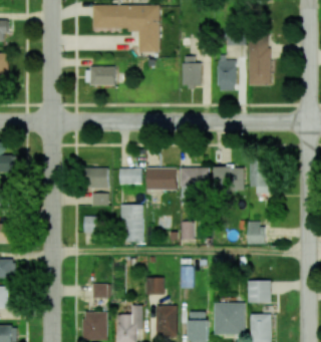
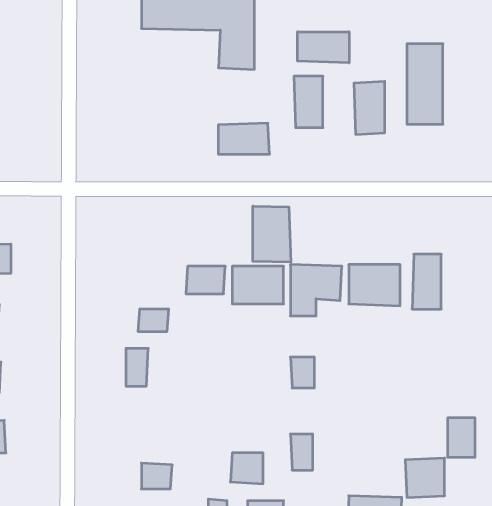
building: none -> [298,32,349,63]
building: [86,66,116,84] -> [218,123,270,154]
building: none -> [253,206,291,262]
building: [84,166,108,188] -> none
building: [123,204,143,241] -> none
building: [248,221,264,244] -> [448,418,475,457]

